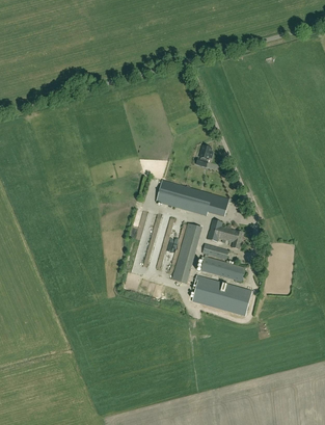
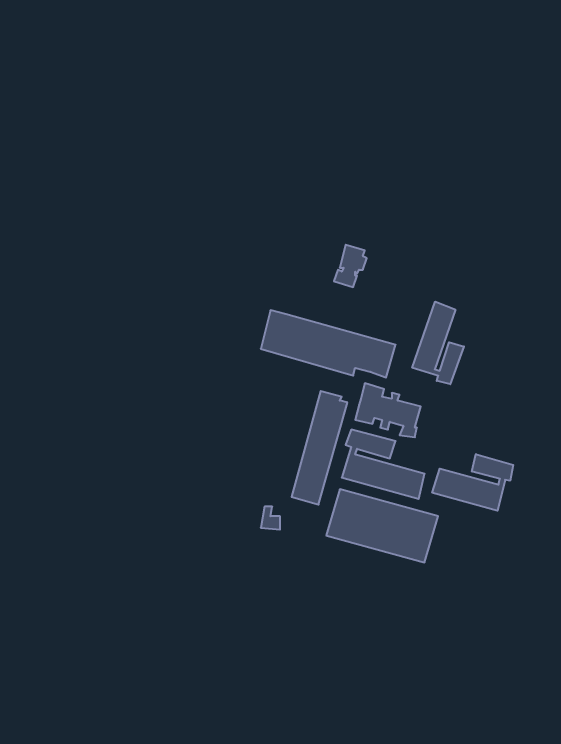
building: none -> [412,302,464,384]
building: none -> [432,454,513,511]

